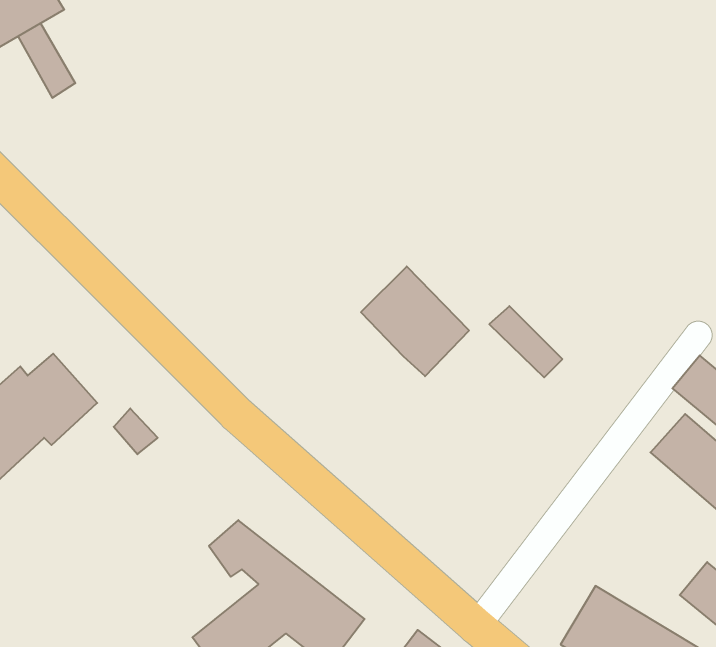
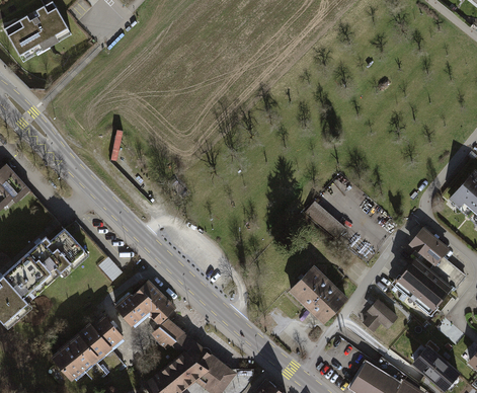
building: [18,23,75,98] -> none
building: [361,266,469,376] -> [288,263,347,324]
building: none -> [113,280,175,327]
building: none -> [365,300,398,332]
building: none -> [52,313,126,379]

